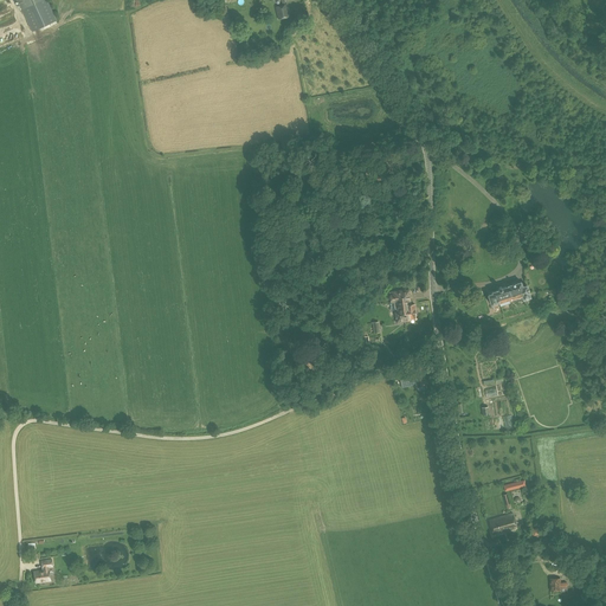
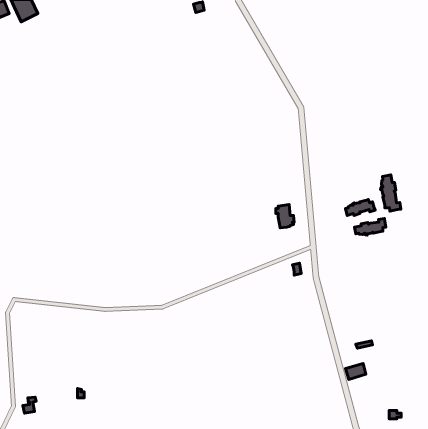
building: none -> [380,175,401,211]
building: none -> [355,219,386,235]

